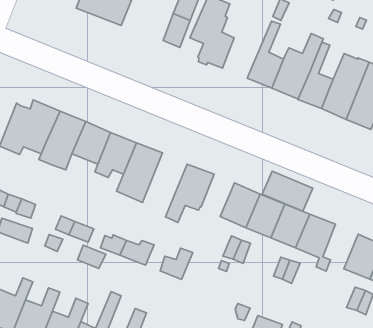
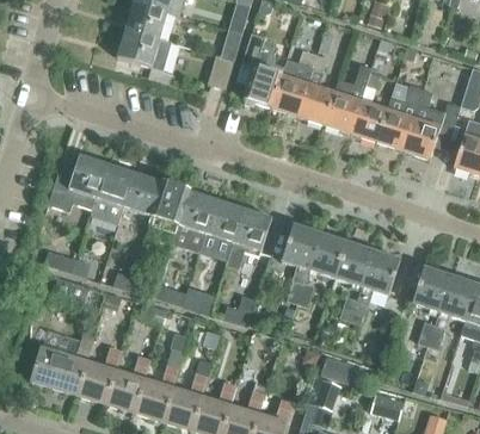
building: none -> [272,49,319,114]
building: none -> [201,198,244,254]
building: [262,171,313,211] -> none

